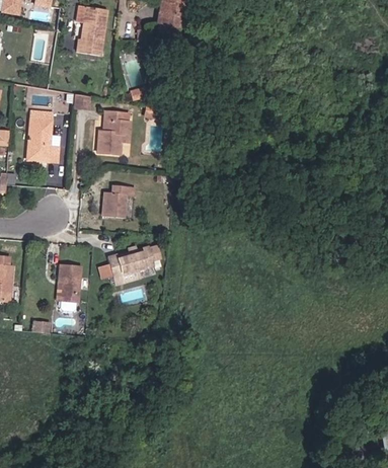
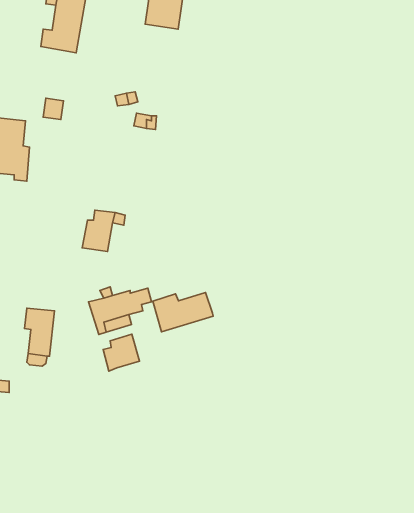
building: [97,111,130,153] -> none
building: none -> [153,293,213,332]
building: none -> [103,334,139,371]

